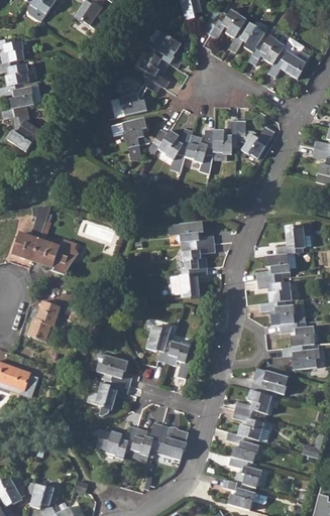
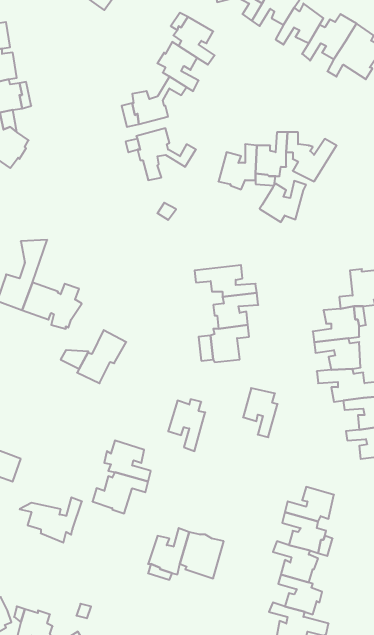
building: [156,130,192,161] -> [260,181,306,222]
building: [30,299,68,340] -> [77,330,126,383]
building: [166,342,192,379] -> [243,388,278,437]
building: [250,371,288,398] -> none
building: [90,425,137,460] -> [20,497,82,543]

